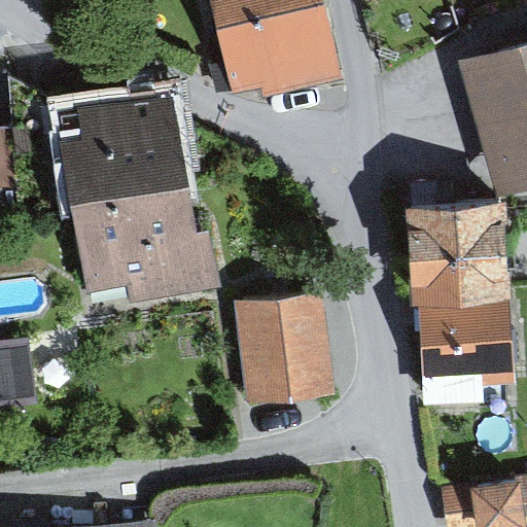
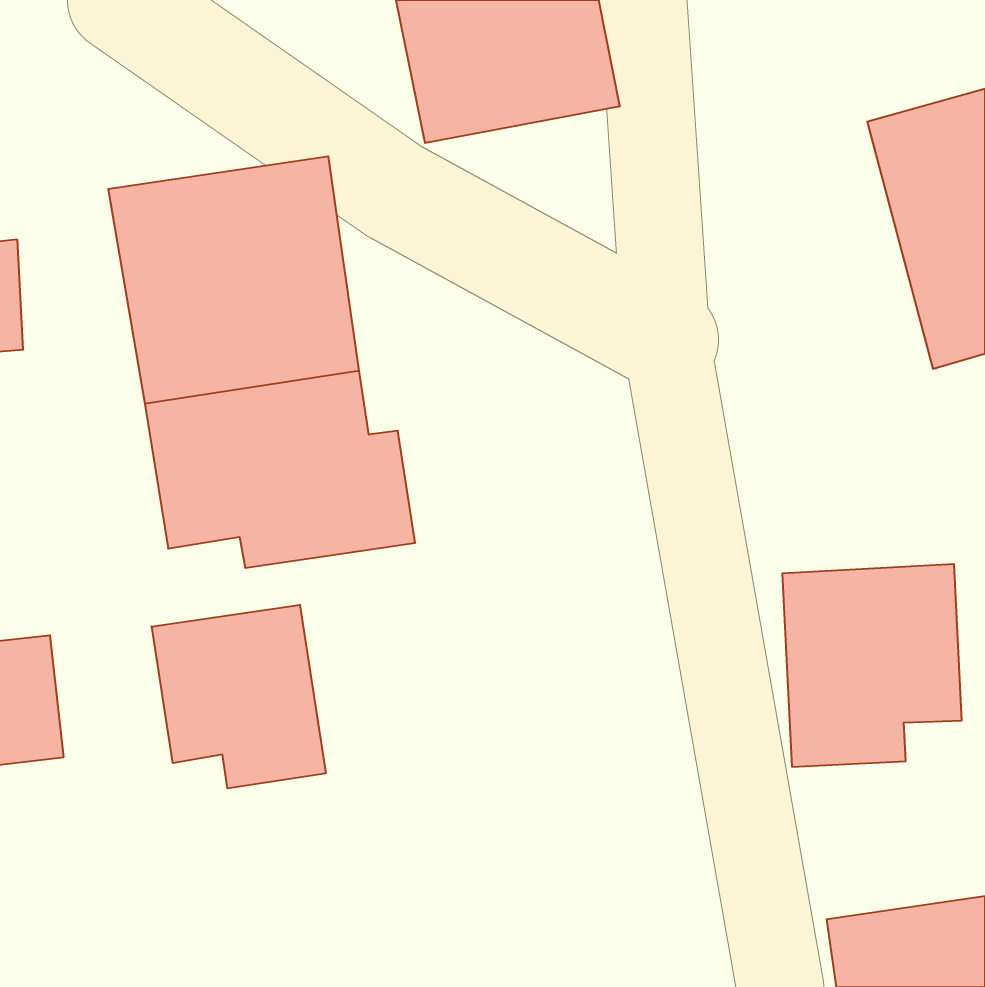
building: [405,203,508,306] -> none
building: [236,295,335,410] -> none
building: none -> [152,605,326,788]

